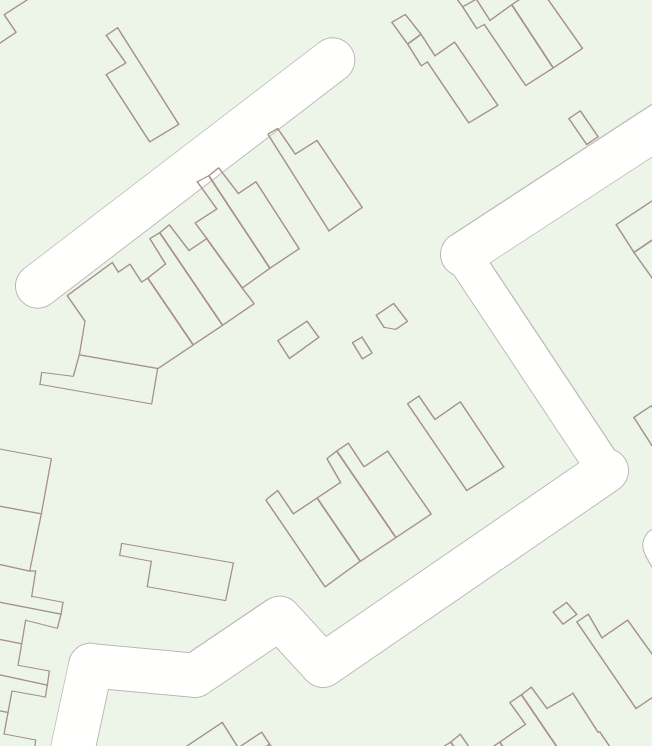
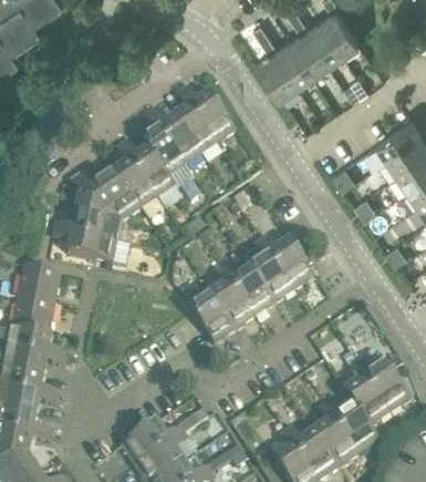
building: none -> [288,25,328,71]
building: [106,28,179,142] -> [176,88,217,152]
building: none -> [257,47,295,92]
building: none -> [250,239,294,301]
building: [120,543,234,600] -> [53,228,117,260]
building: none -> [344,362,389,424]

